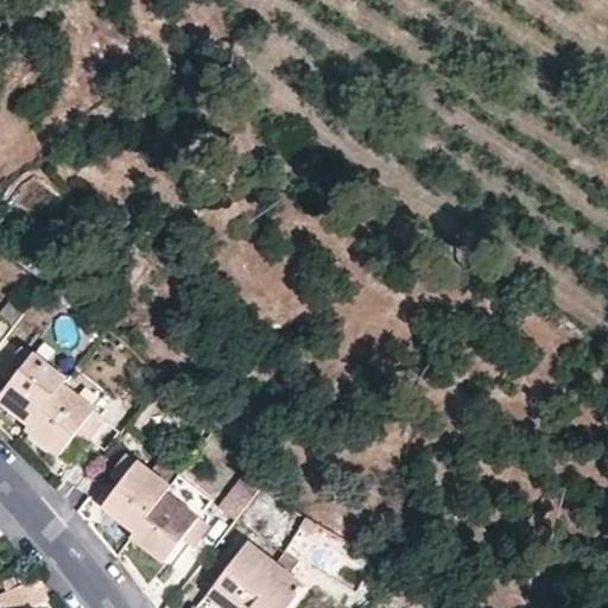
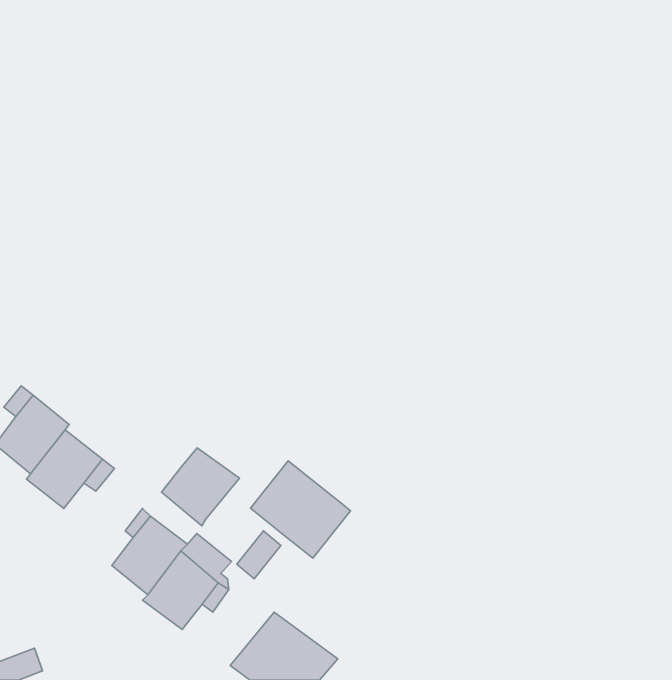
building: none -> [161,448,239,526]
building: none -> [250,461,351,558]

